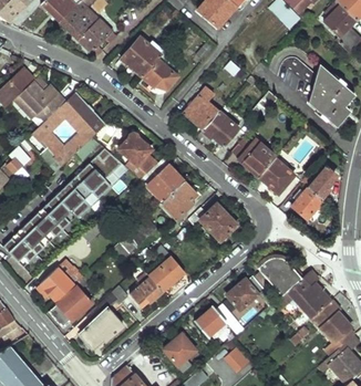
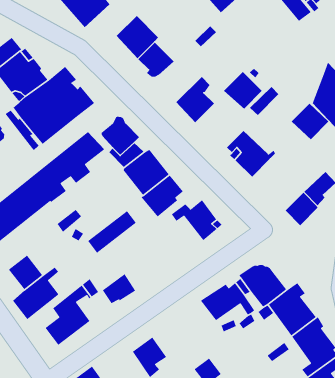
building: [203,112,239,147] -> [223,71,263,110]
building: [260,158,296,192] -> [291,103,329,140]
building: [146,243,185,292] -> none
building: [195,303,244,336] -> none

